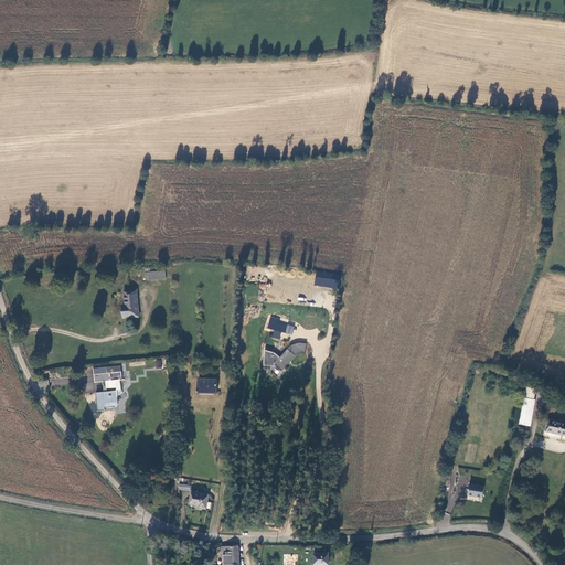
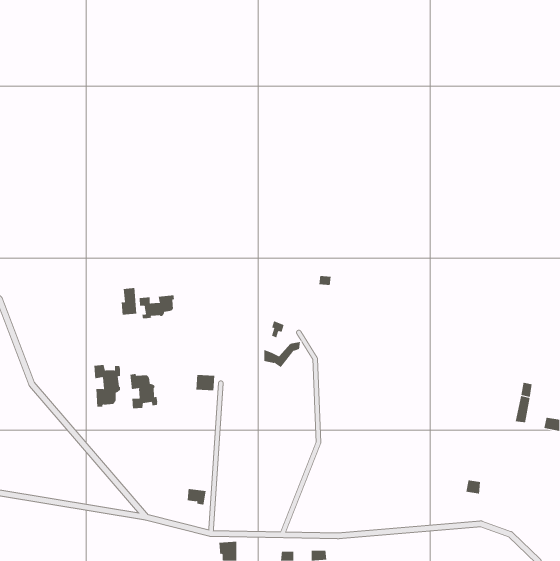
building: none -> [139,294,175,319]
building: none -> [130,373,158,409]

